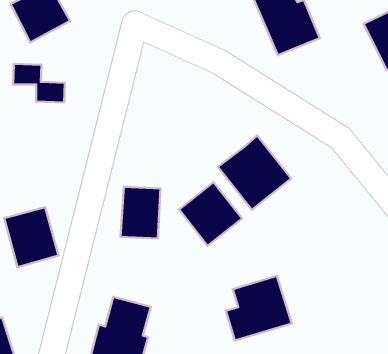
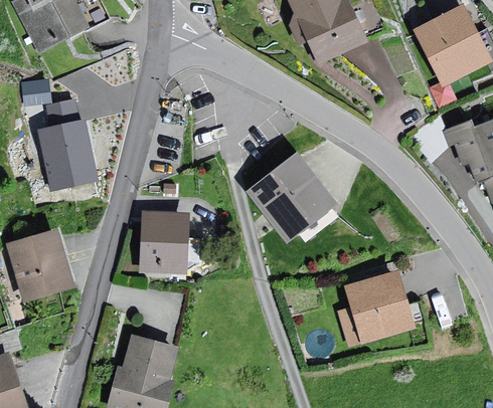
building: none -> [39,125,94,188]
building: [179,182,242,246] -> none
building: [226,276,292,340] -> [339,271,414,344]

